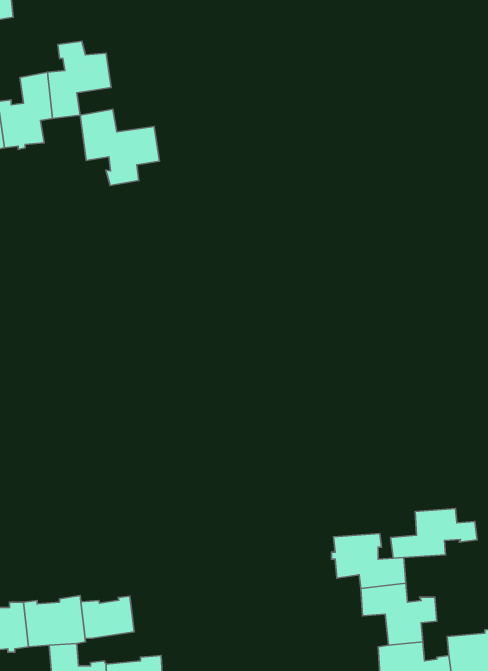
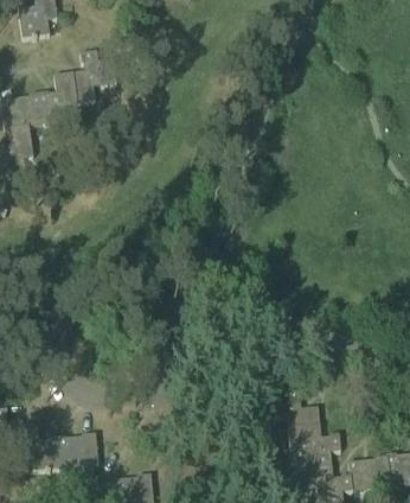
building: [80,109,159,185] -> none
building: [390,508,477,558] -> none
building: [81,596,134,639] -> none

